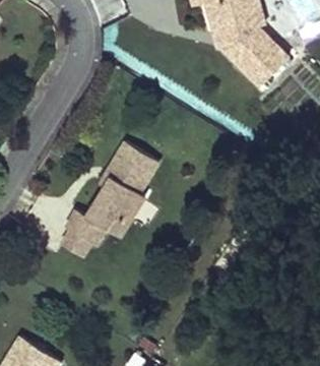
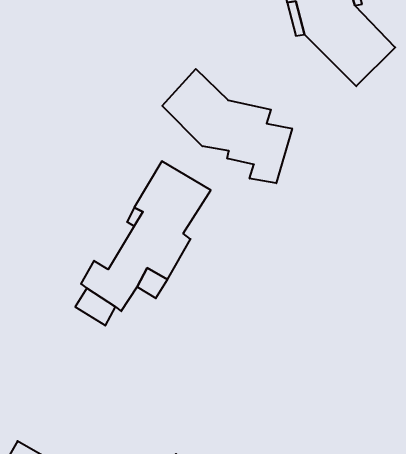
building: none -> [162,69,292,183]

